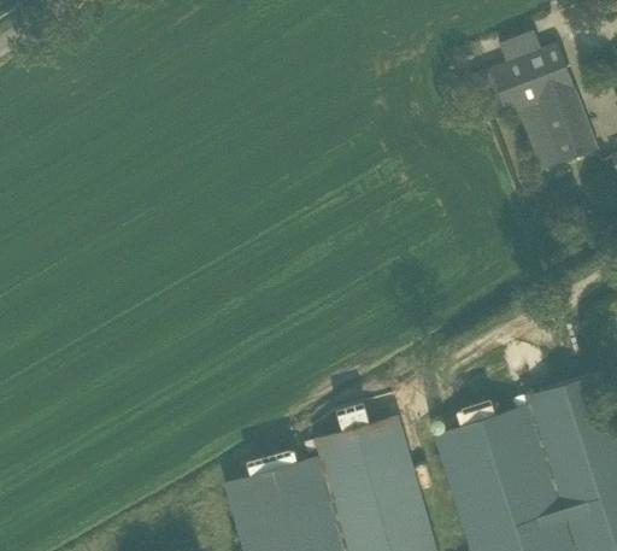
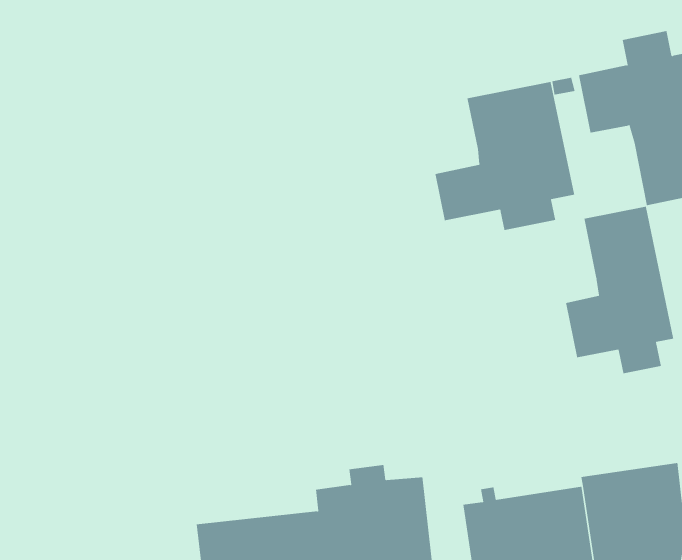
building: none -> [435,81,575,231]
building: none -> [566,206,674,374]

